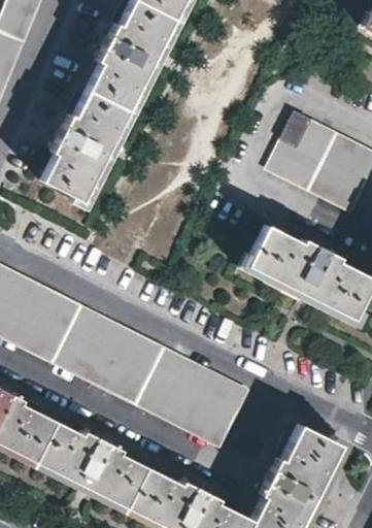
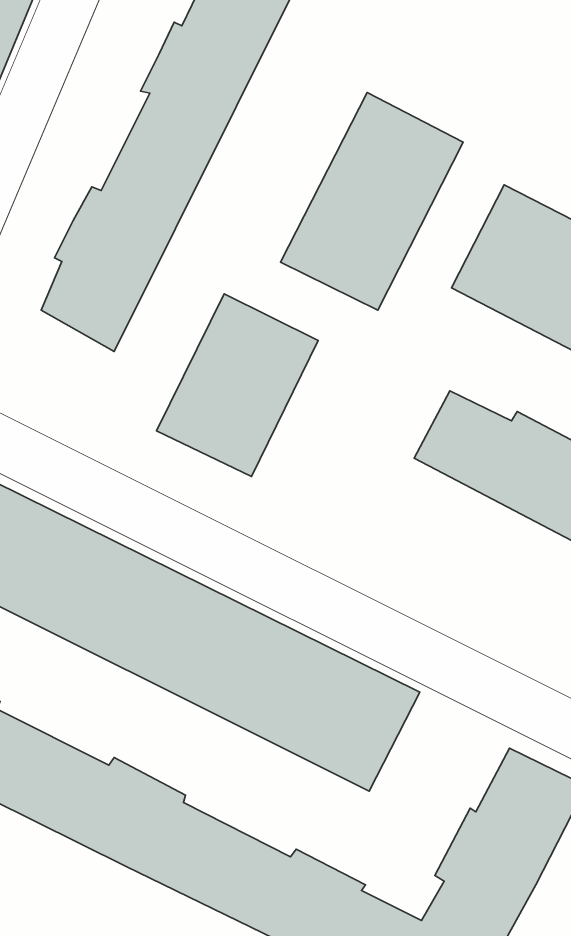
building: none -> [280,93,463,310]
building: none -> [156,294,318,477]

